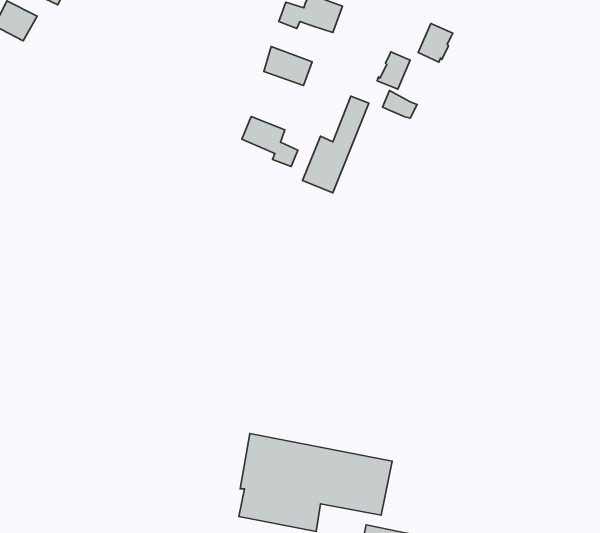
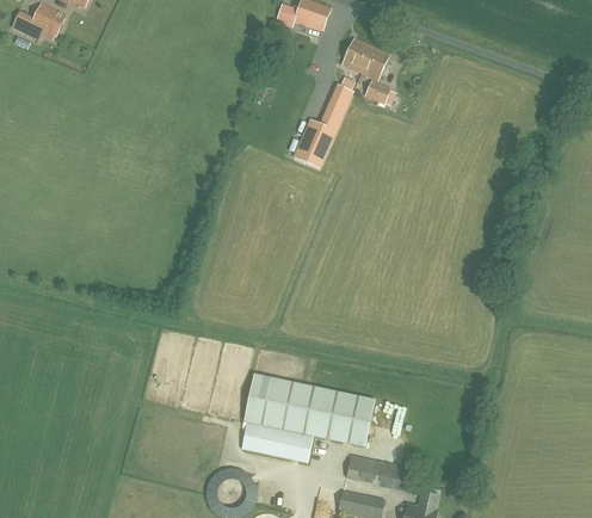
building: [418,24,453,62] -> [341,38,371,72]
building: [264,47,312,86] -> none
building: [242,117,298,167] -> none

